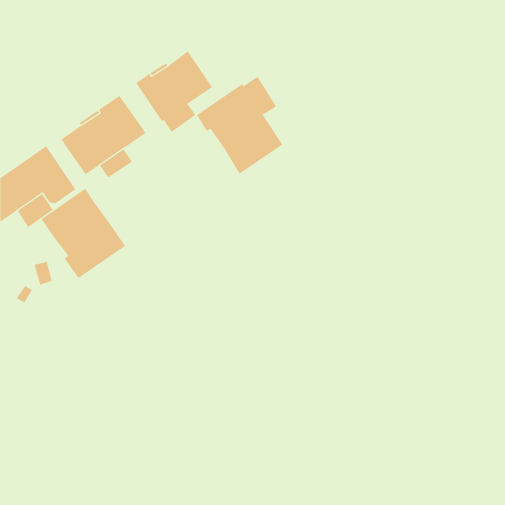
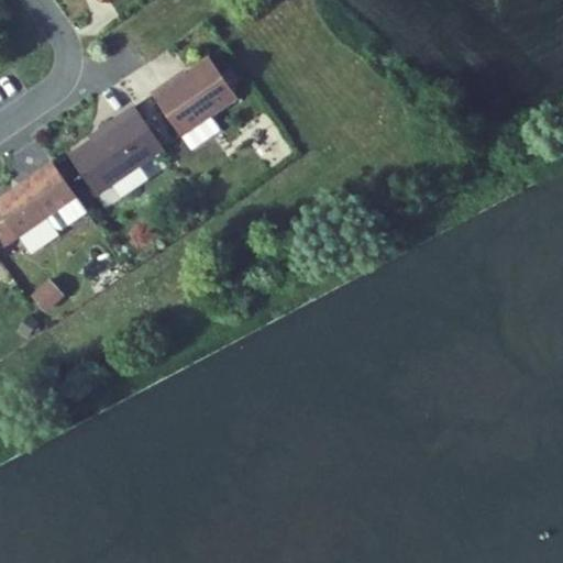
building: [196,76,283,174] -> none
building: [41,188,126,279] -> none

